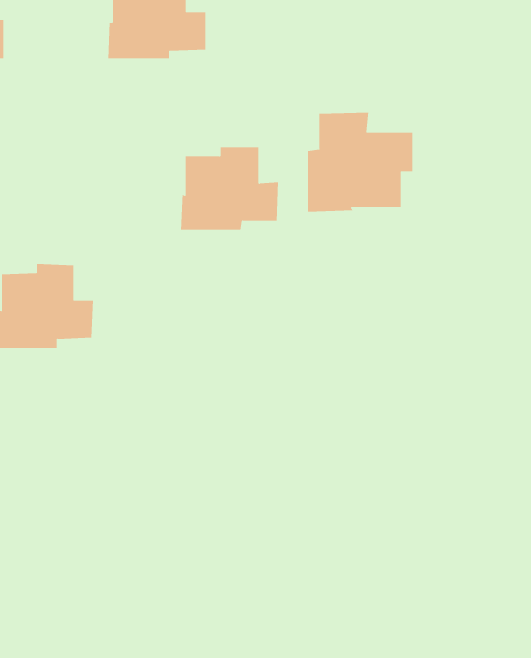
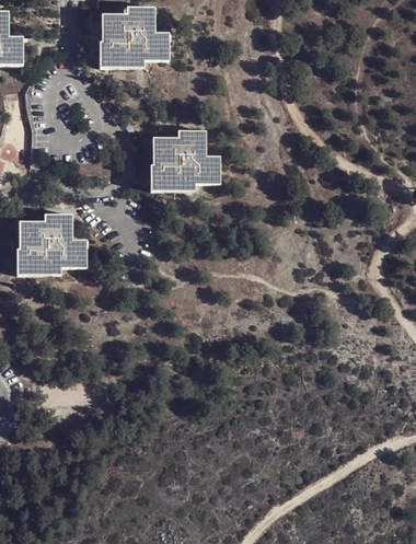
building: [307,112,413,212] -> none

